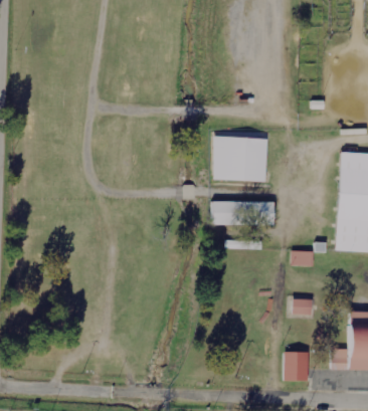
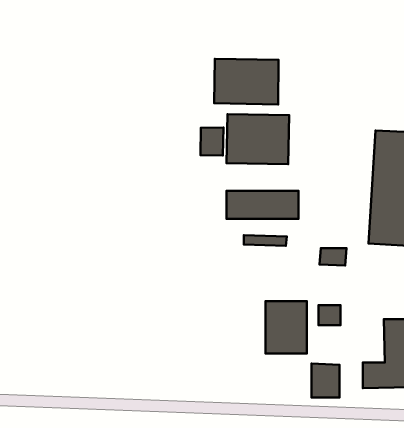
building: none -> [214,59,279,104]
building: none -> [200,127,223,156]
building: none -> [265,301,307,354]

